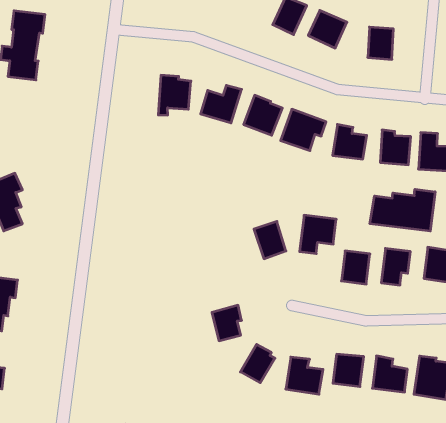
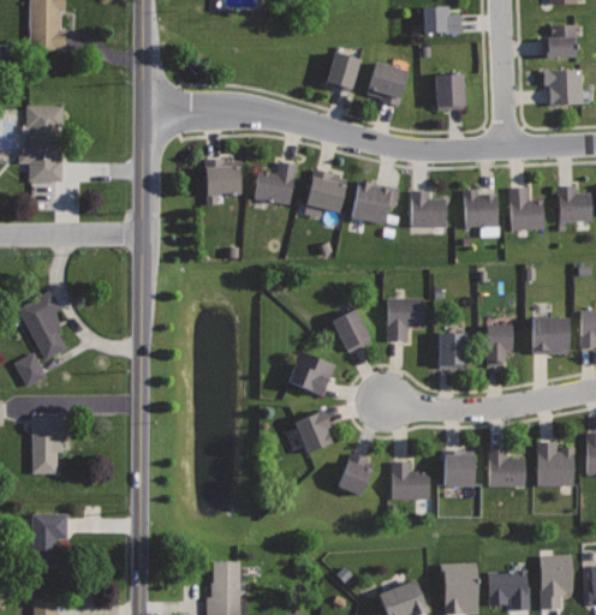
building: [370,189,435,231] -> none
building: none -> [288,351,335,395]

